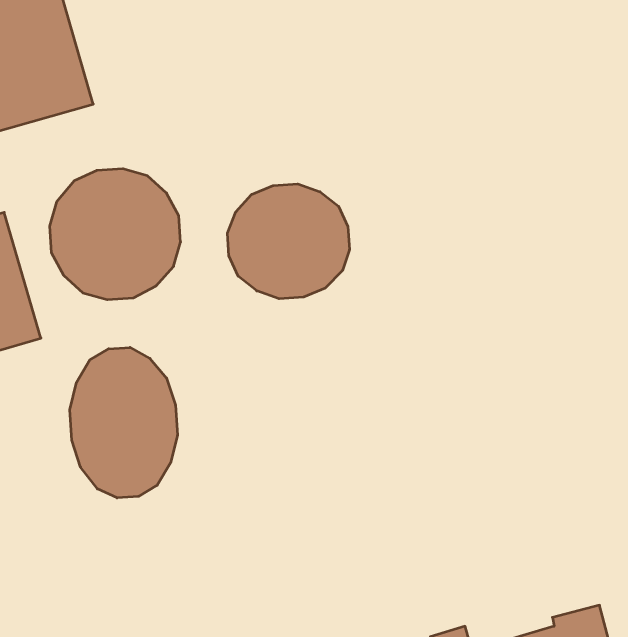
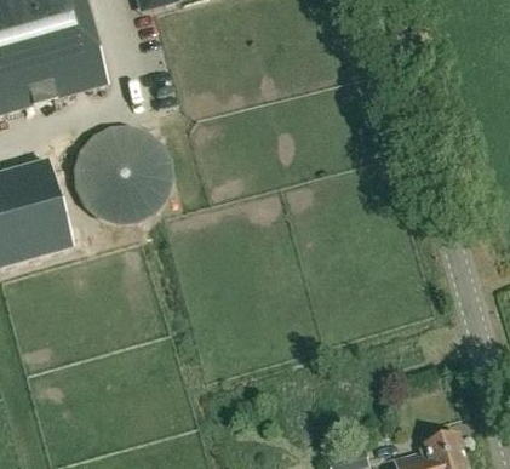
building: [227,184,349,299] -> none
building: [70,347,177,498] -> none

